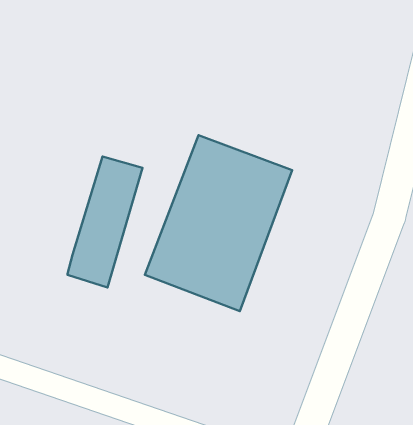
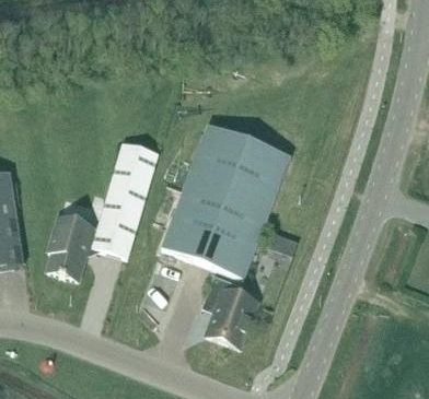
building: none -> [47,215,97,278]
building: none -> [201,273,257,347]

